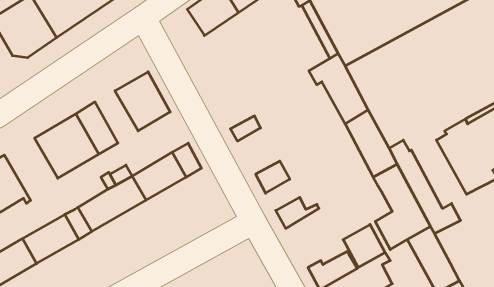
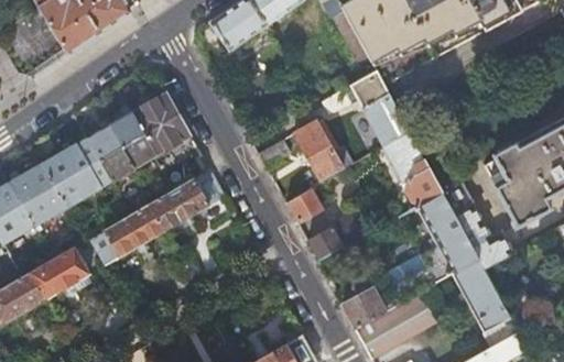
building: none -> [109,110,156,167]
building: none -> [294,119,343,182]
building: none -> [10,162,68,230]

